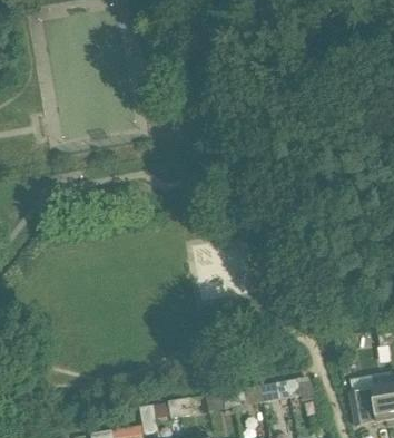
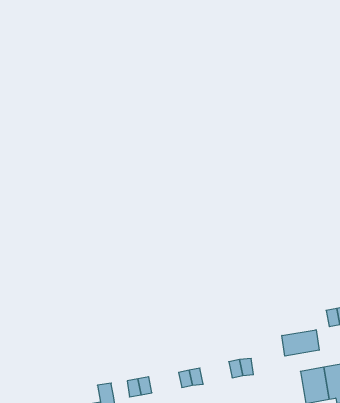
building: none -> [282,330,319,356]

